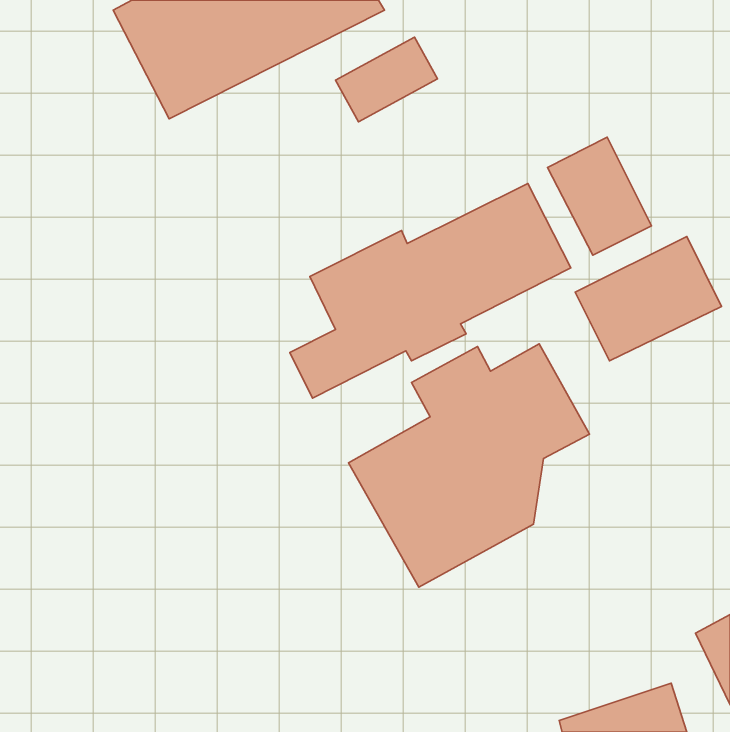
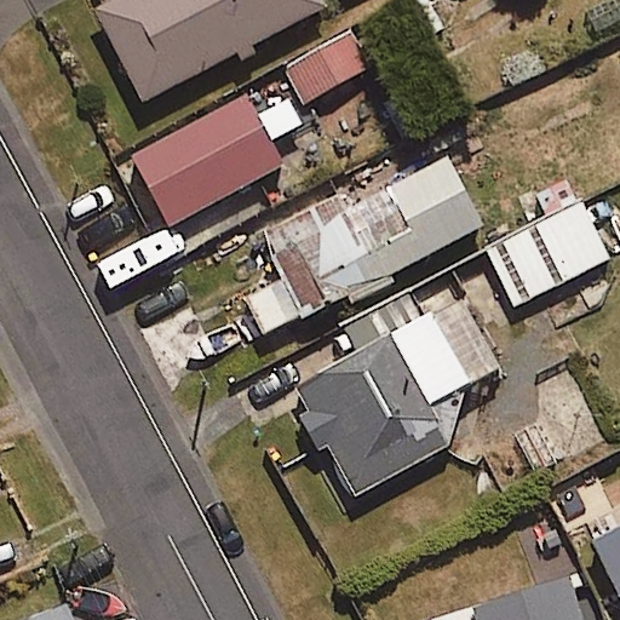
building: none -> [132,96,302,225]
building: [548,137,651,255] -> none

